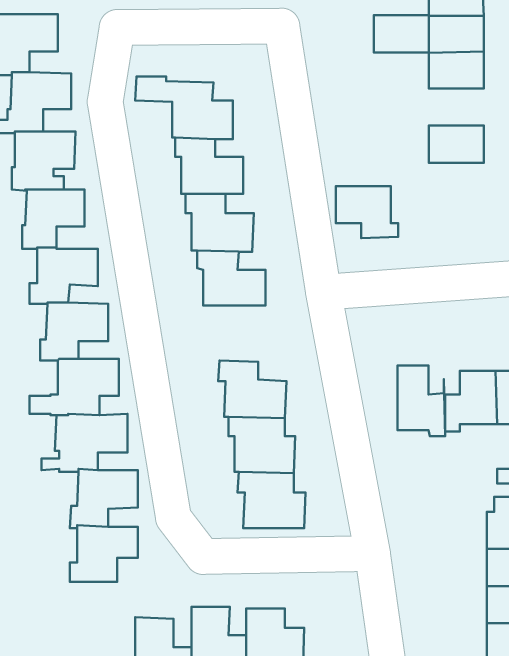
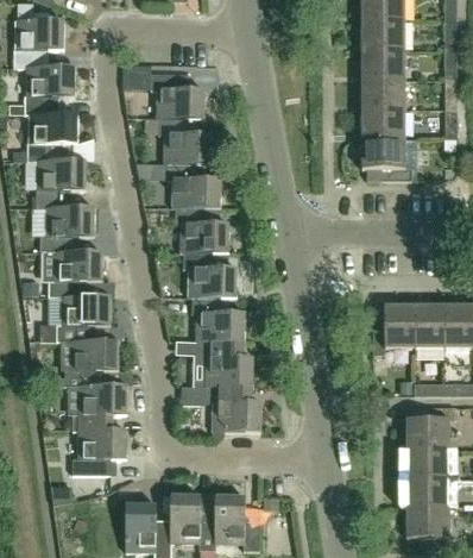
building: [374,15,429,52] -> [360,77,404,107]
building: [336,186,398,238] -> [360,137,410,178]
building: none -> [183,251,238,296]
building: [398,365,445,436] -> none

